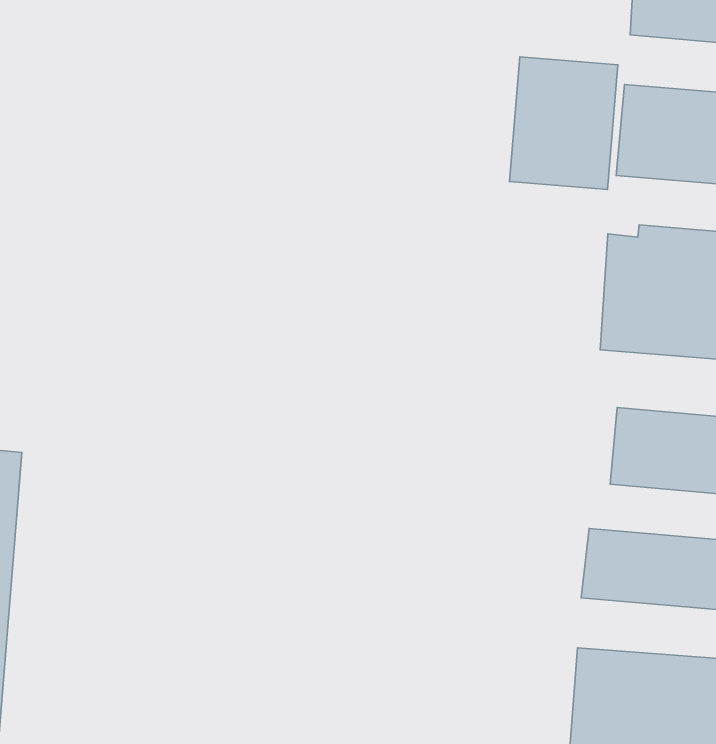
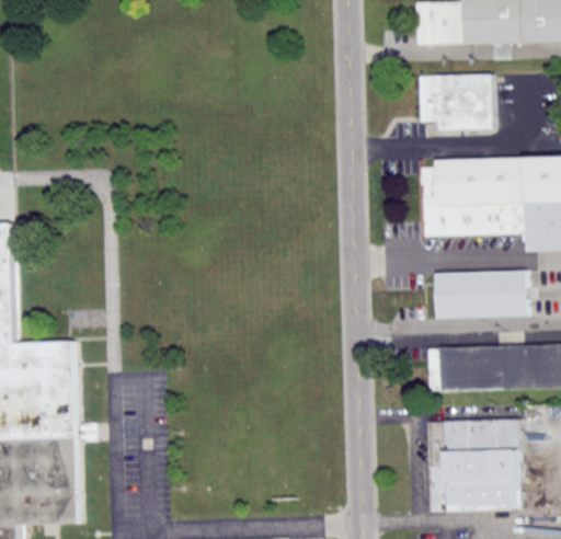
building: [510,57,618,190] -> none

